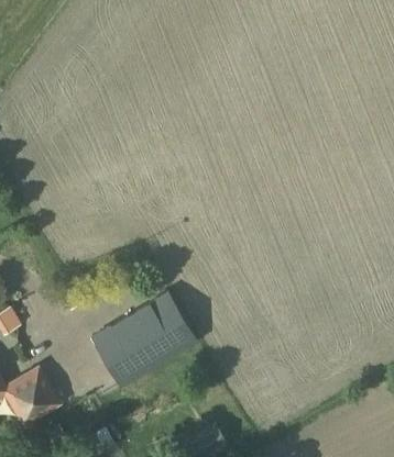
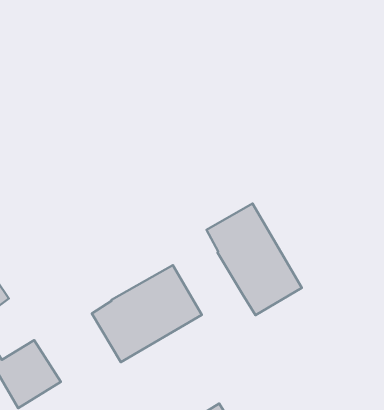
building: none -> [207,204,302,315]

